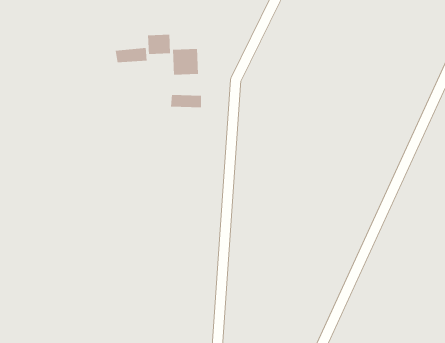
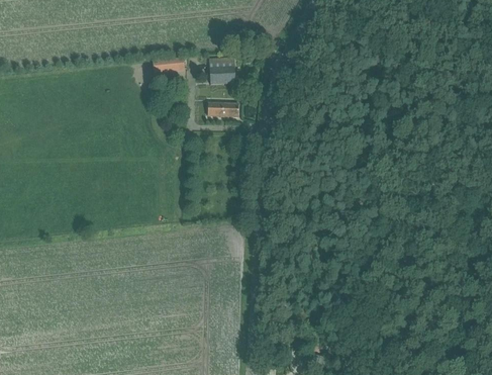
building: [148,34,171,55] -> none

